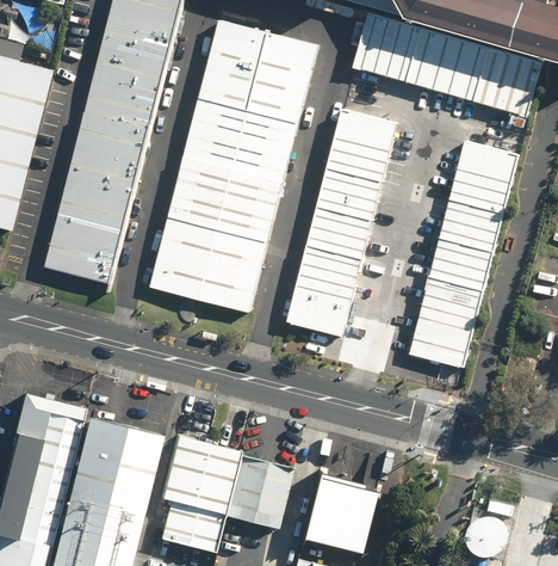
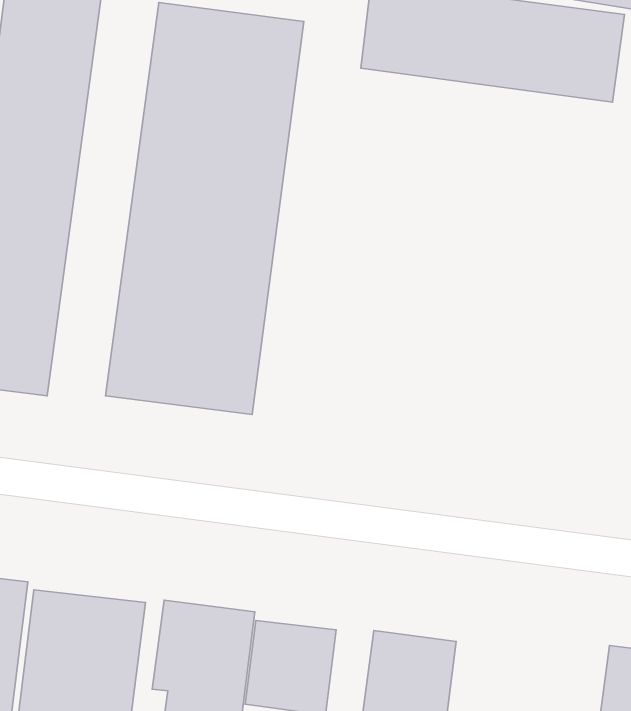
building: [286,107,396,337] -> none
building: [411,143,517,365] -> none

